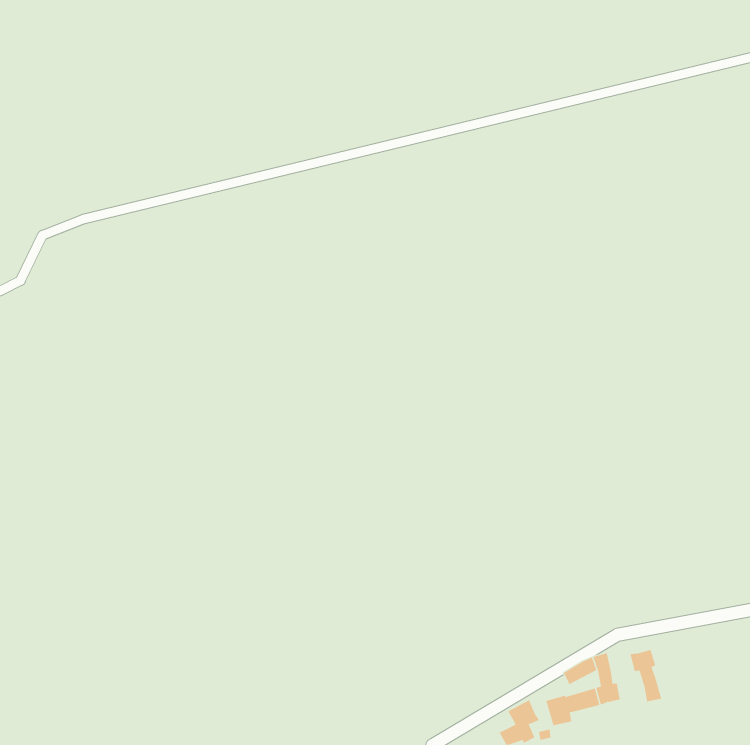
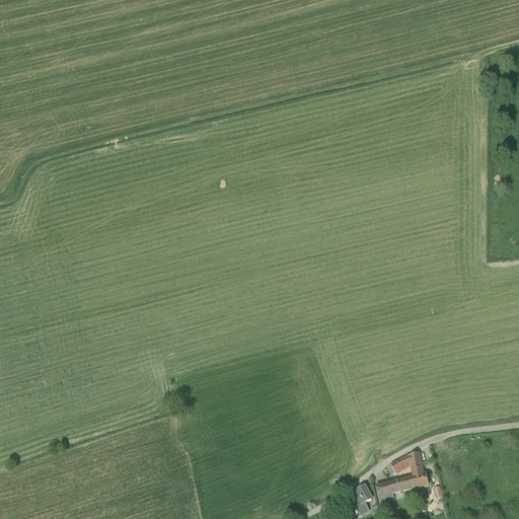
building: [630,649,662,702] -> none

